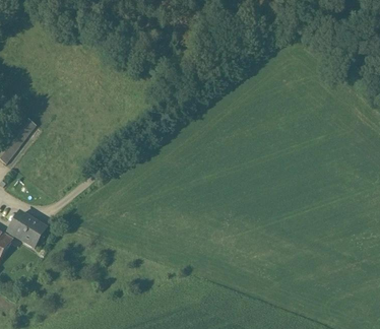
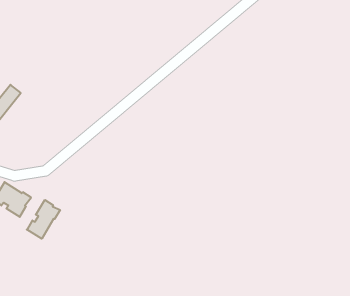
building: none -> [27,200,60,239]

